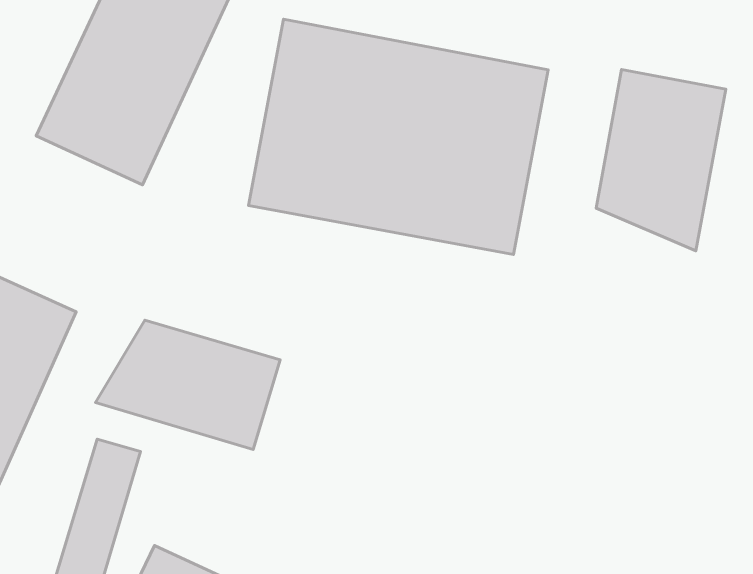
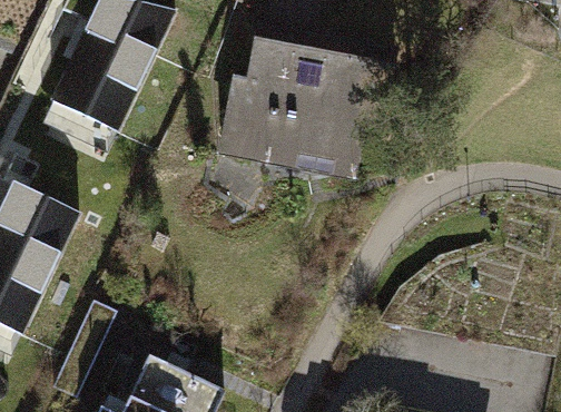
building: [596,69,726,251] -> none
building: [96,320,280,449] -> none

